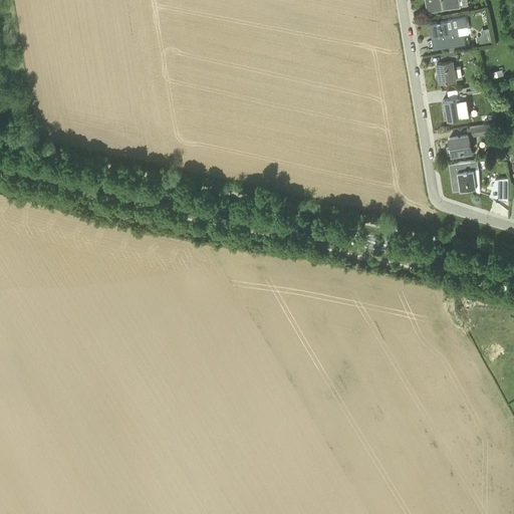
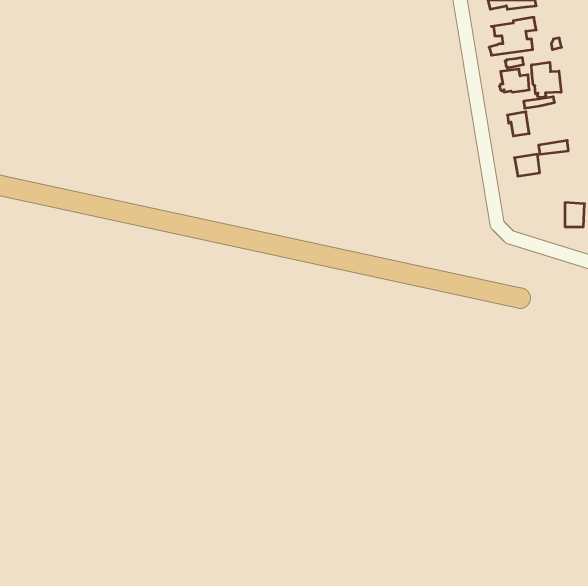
building: none -> [532,62,561,97]
building: [449,161,479,193] -> none

